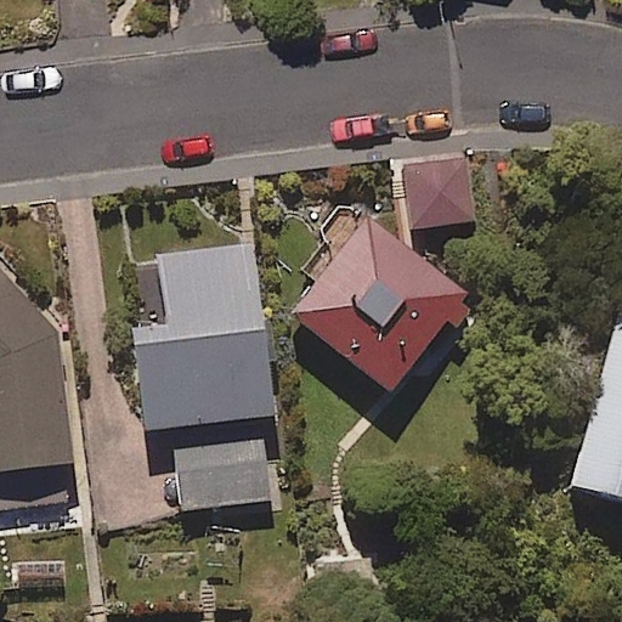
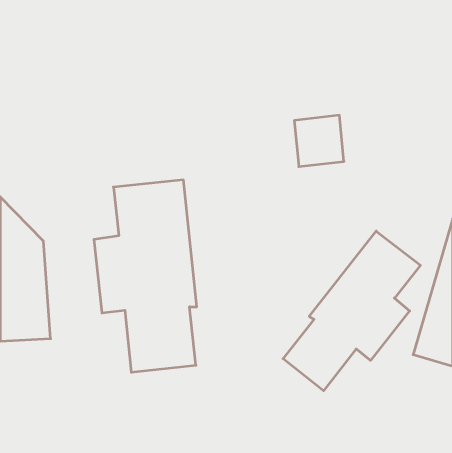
building: [290,216,466,391] -> none
building: none -> [283,231,420,391]

